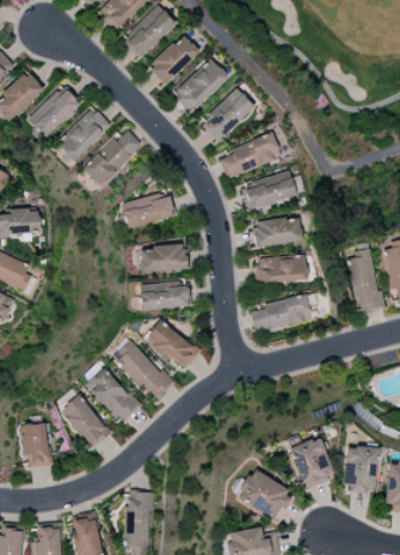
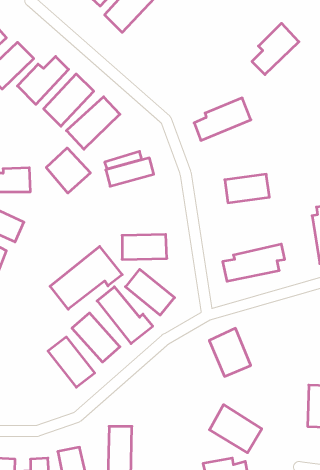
building: [147,33,201,85] -> none
building: [172,57,229,112] -> none
building: [204,86,256,142] -> [252,23,299,75]
building: [244,170,306,209] -> none
building: none -> [46,148,90,193]
building: [140,244,186,272] -> none
building: [257,256,307,282] -> none
building: none -> [50,246,122,309]
building: [21,422,50,466] -> none
building: [290,435,336,488] -> [209,328,251,376]

